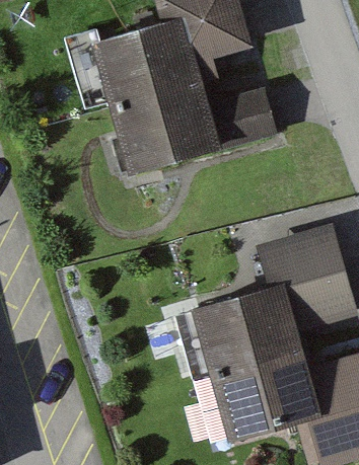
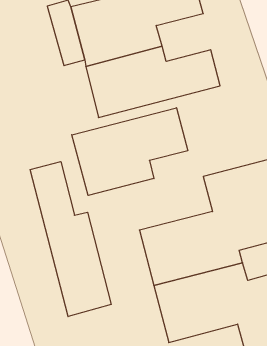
building: none -> [72,108,188,195]
building: none -> [30,162,111,317]

